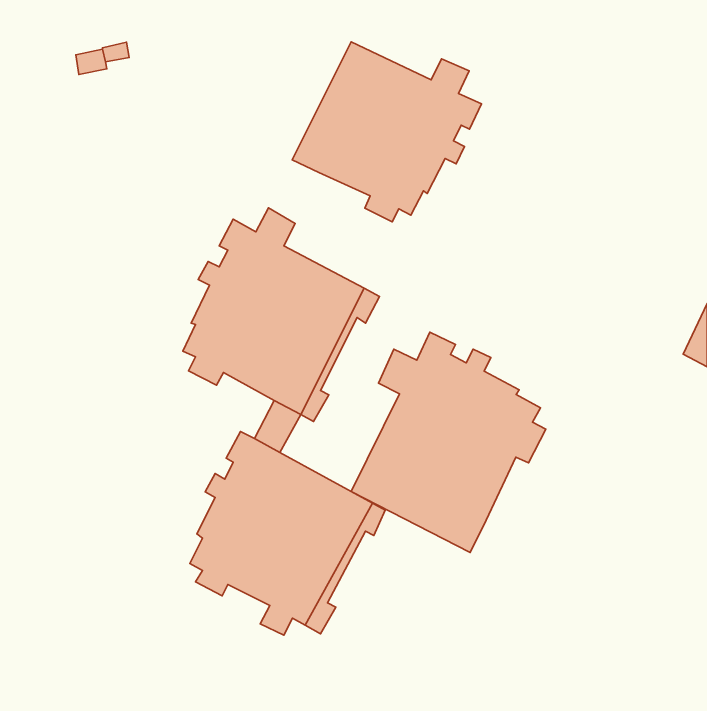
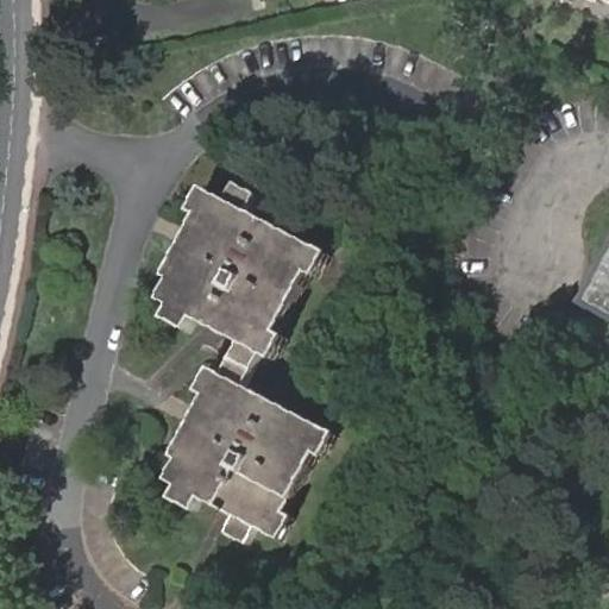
building: [292,42,482,222] -> none
building: [351,332,546,553] -> none

